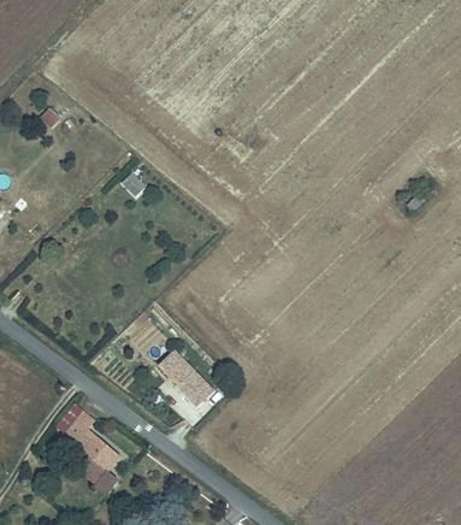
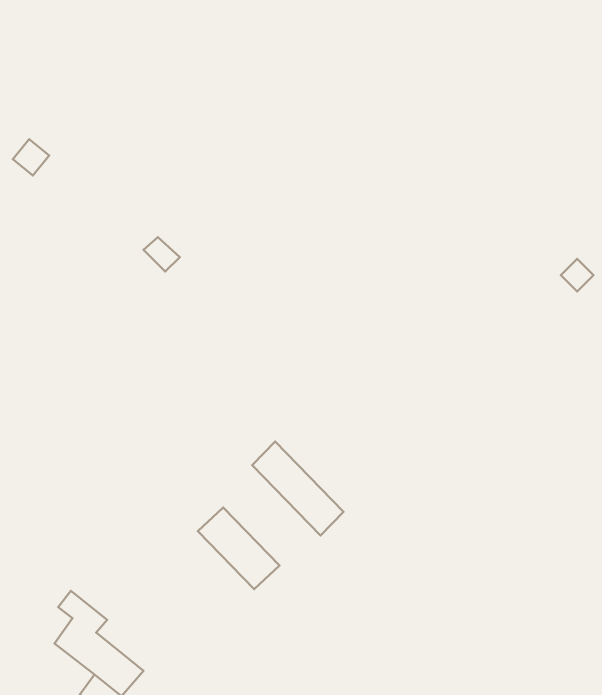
building: none -> [252,442,343,535]

